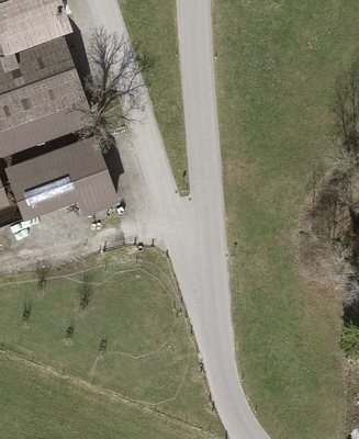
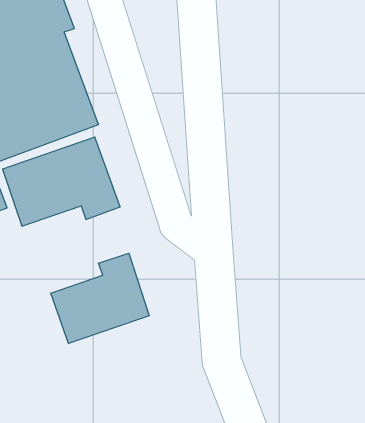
building: none -> [51,253,149,344]

